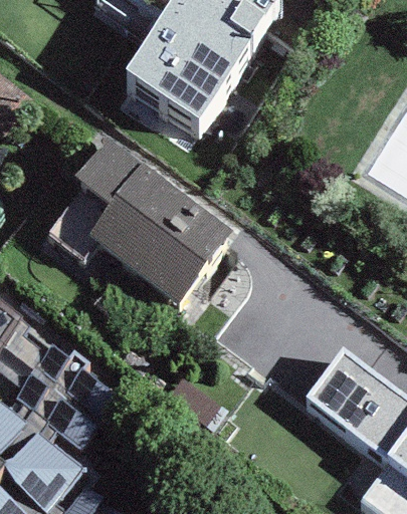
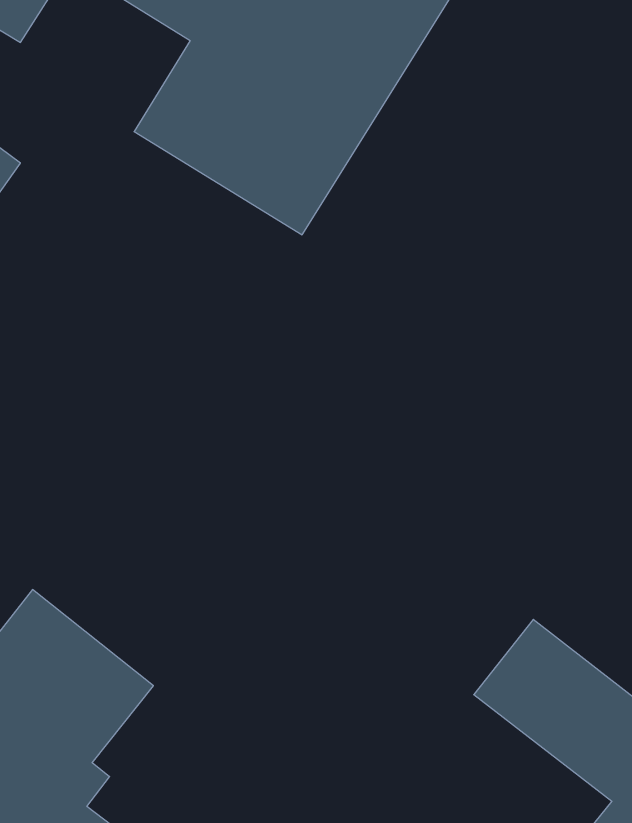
building: [70,153,223,299] -> none

